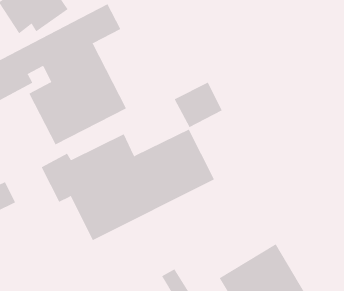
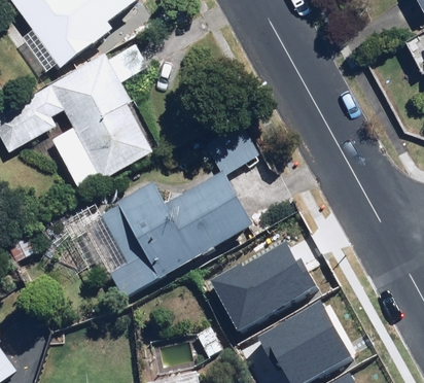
building: none -> [204,236,315,329]

